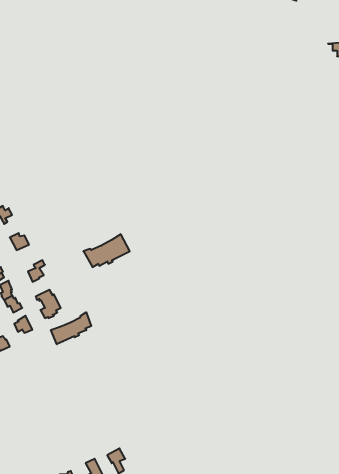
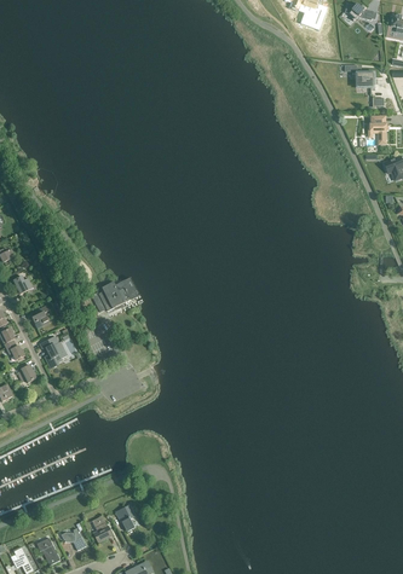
building: [51,312,91,344] -> none

